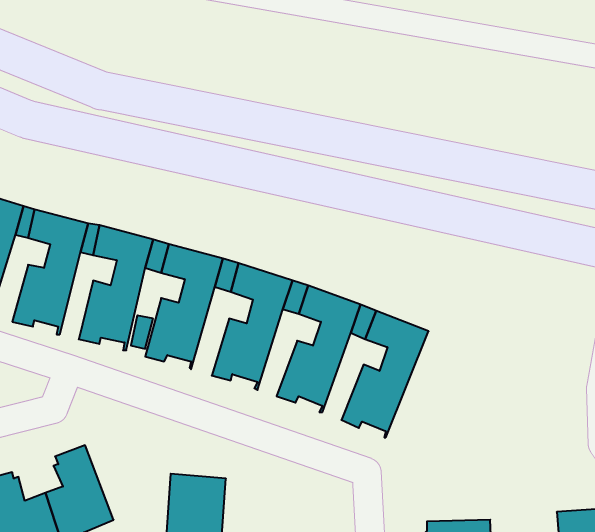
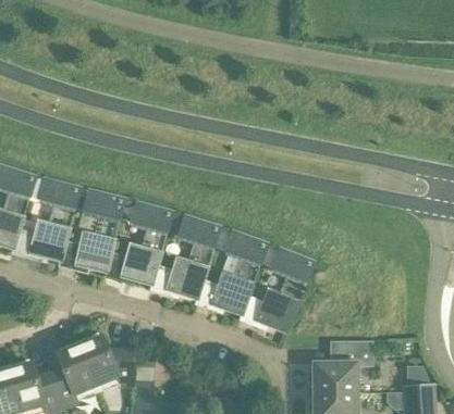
building: none -> [77,333,133,392]
building: none -> [308,341,372,393]

